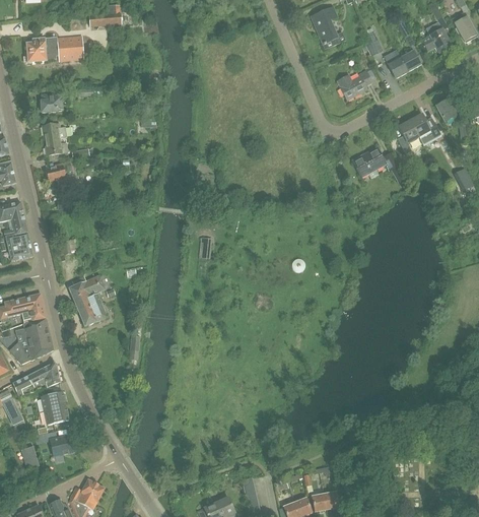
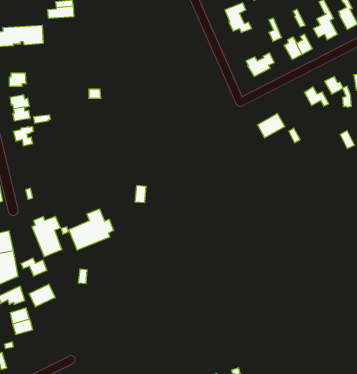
building: [396,120,418,153] -> none
building: none -> [69,209,114,250]
building: none -> [21,258,47,276]
building: none -> [29,284,55,307]
building: [51,434,77,456] -> none

